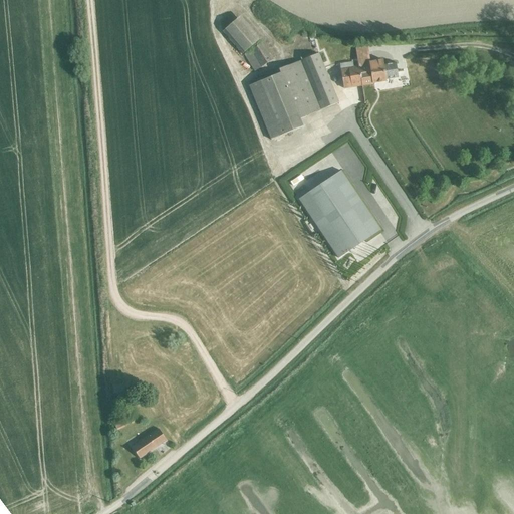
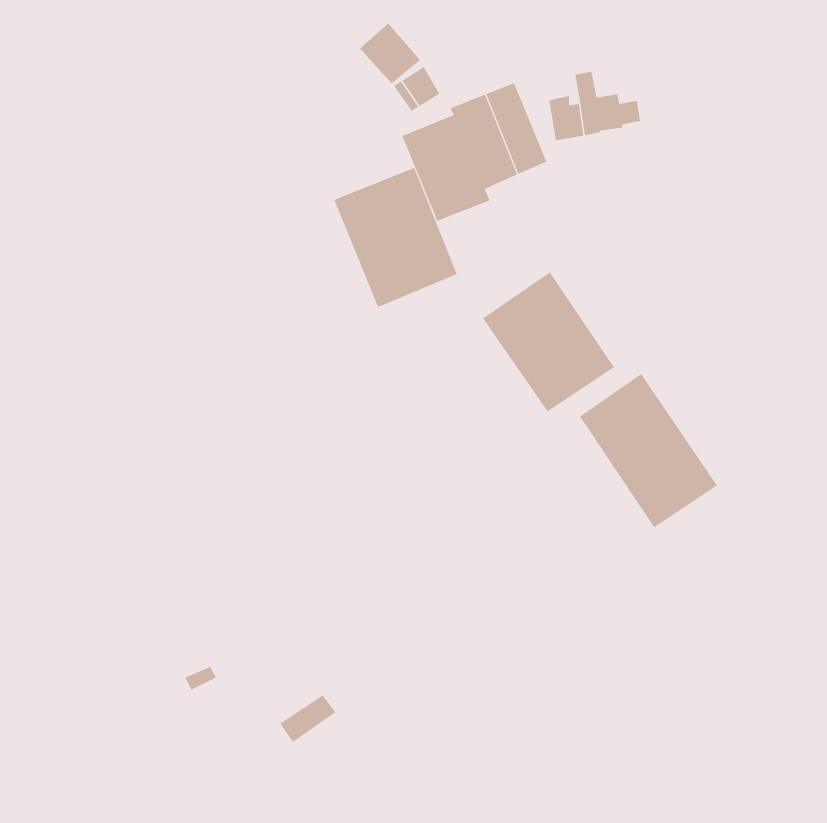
building: none -> [334,167,457,308]
building: none -> [579,373,718,528]
building: [132,427,167,457] -> [279,694,336,743]

